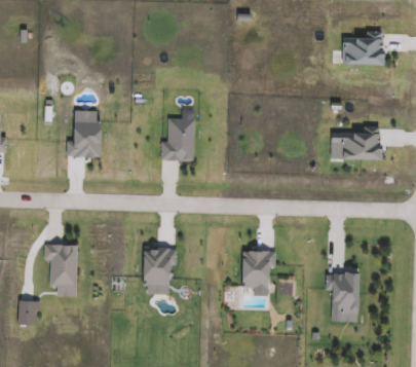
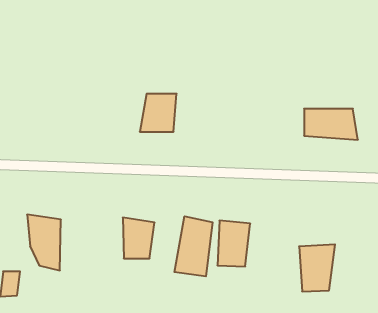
building: [340,34,388,69] -> none
building: [68,109,100,157] -> none
building: none -> [174,216,213,276]

